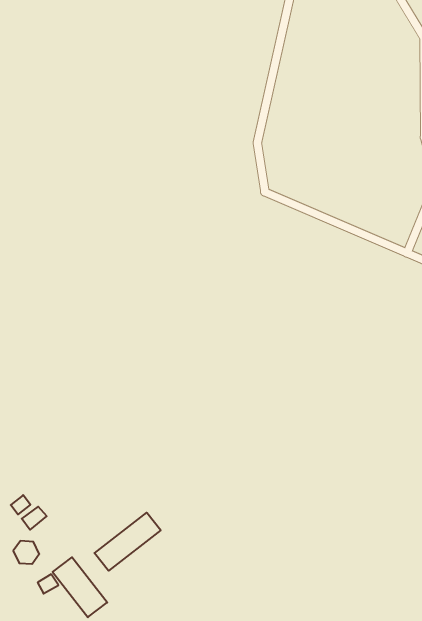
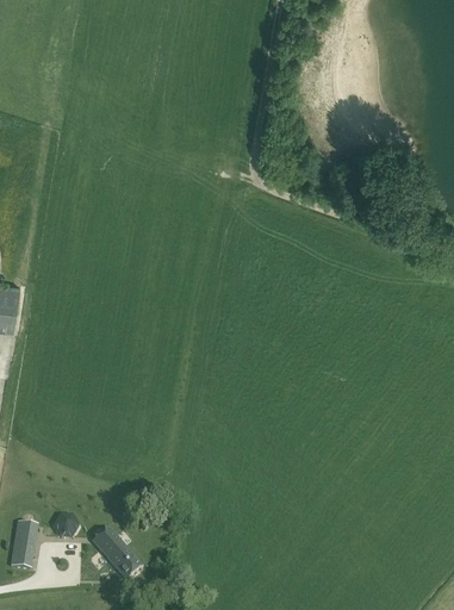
building: [94,513,161,571] -> none

